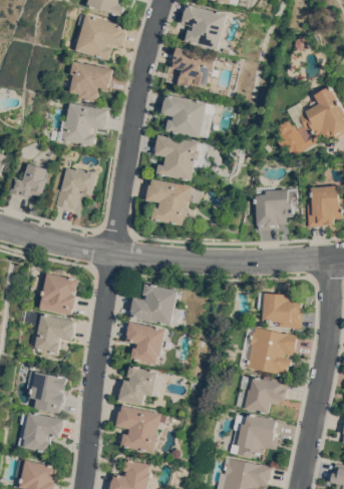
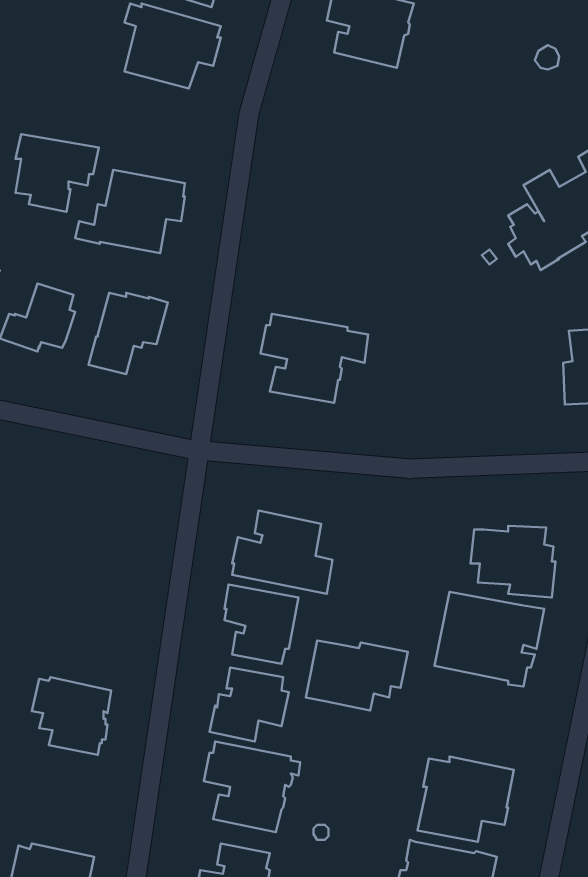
building: [173,47,217,89] -> none
building: [68,61,112,102] -> [16,134,99,212]
building: [161,94,216,138] -> none
building: [155,134,210,180] -> none
building: [255,185,298,230] -> none
building: [38,273,78,314] -> none
building: [21,310,75,353] -> none
building: [235,375,289,412] -> [306,641,408,711]
building: [17,411,64,452] -> none

